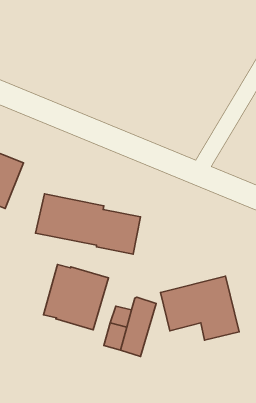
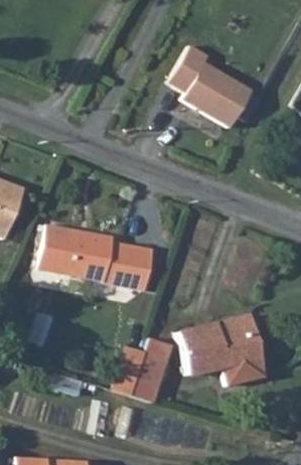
building: none -> [165,42,248,126]
building: [44,265,108,330] -> none

